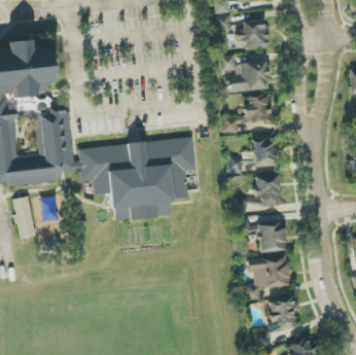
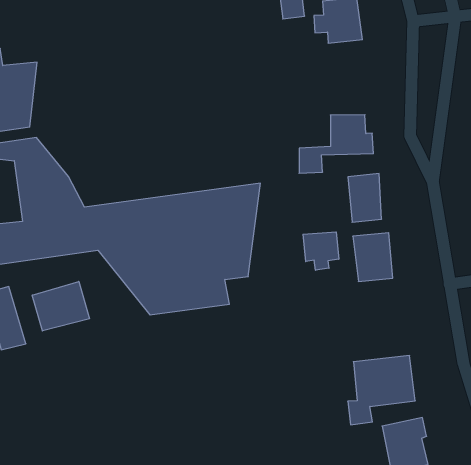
building: [218,56,269,93] -> none
building: none -> [303,232,339,270]
building: none -> [32,281,89,331]
building: [257,222,285,253] -> none

